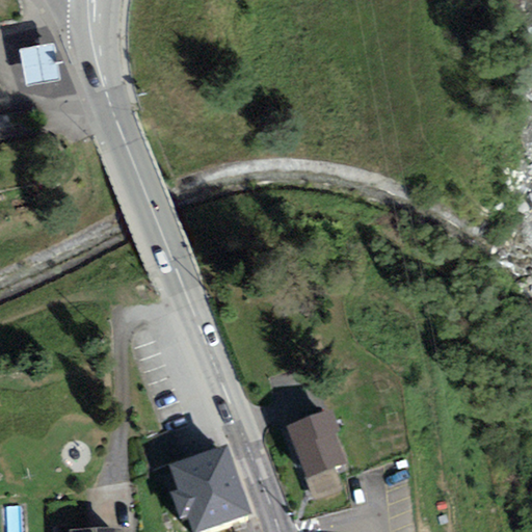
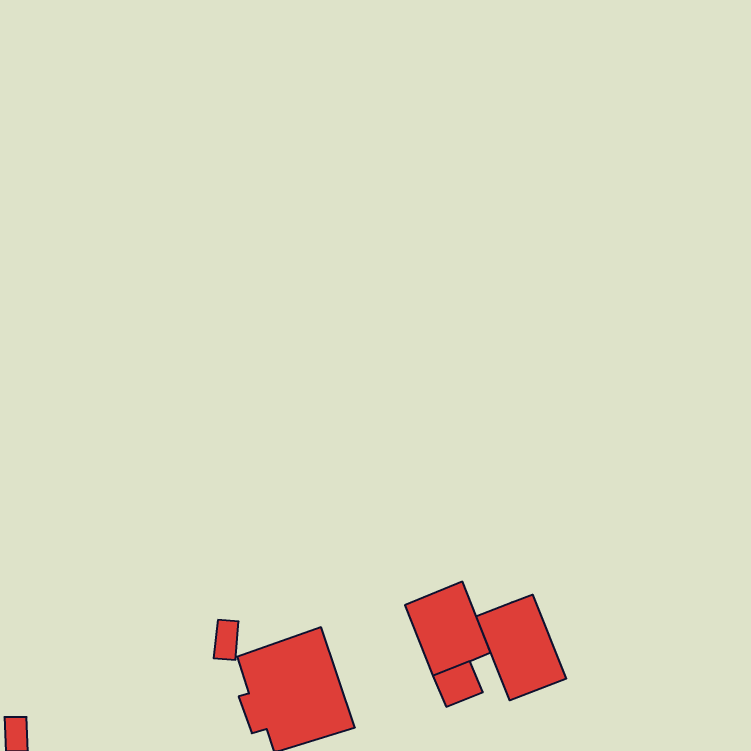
building: [18,43,59,85] -> none
building: none -> [476,595,566,700]

